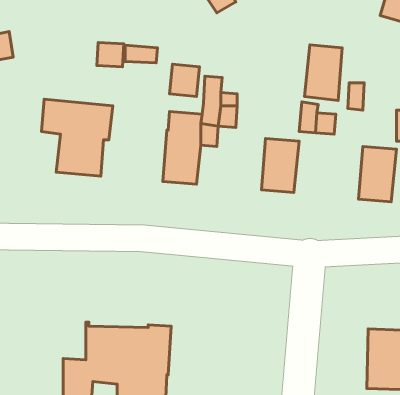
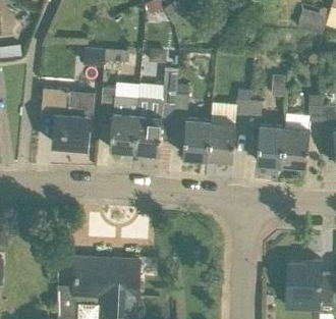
building: [305,45,342,100] -> [256,122,284,164]
building: none -> [102,86,138,151]
building: none -> [182,116,211,157]

